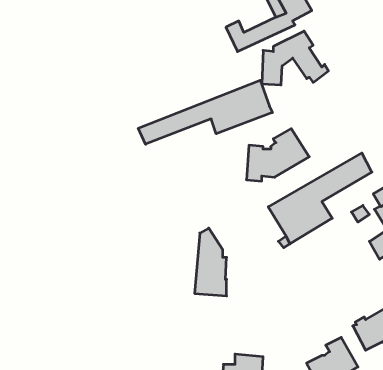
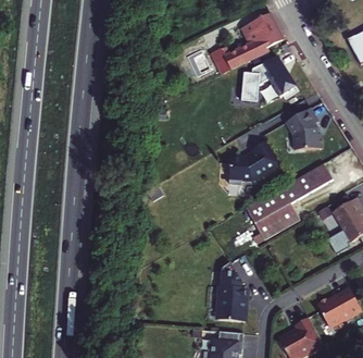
building: [138,80,272,144] -> none
building: none -> [287,107,323,149]
building: [195,228,227,296] -> [217,262,245,320]

